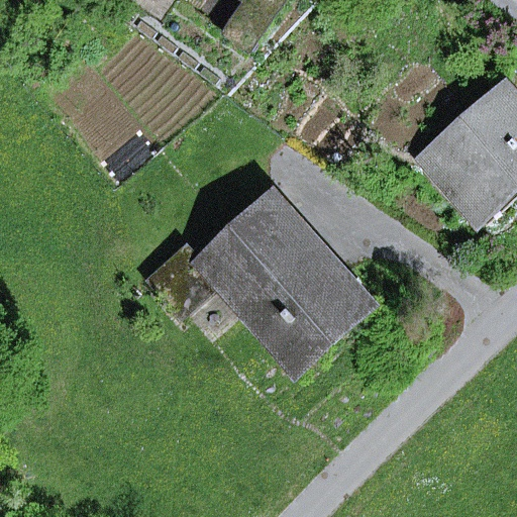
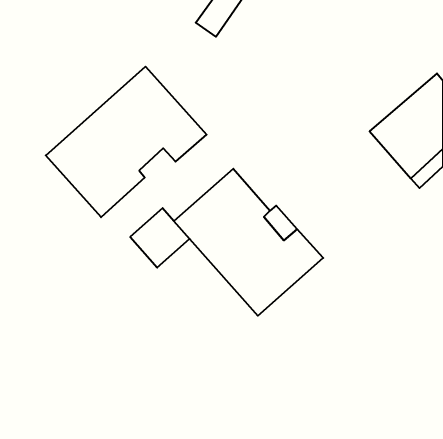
building: none -> [46,67,207,217]

